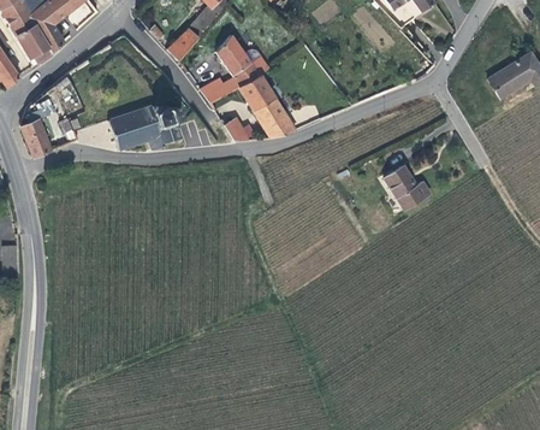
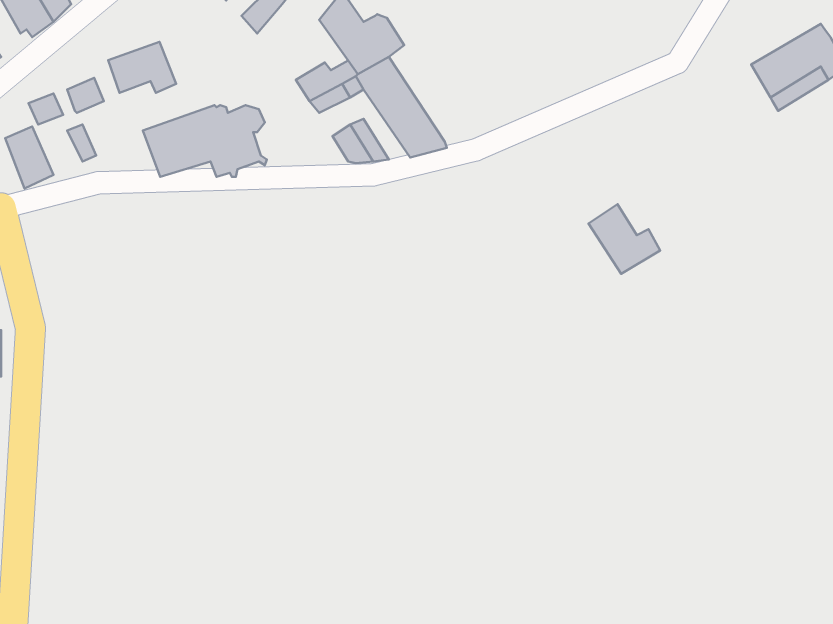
building: none -> [108,42,176,93]

